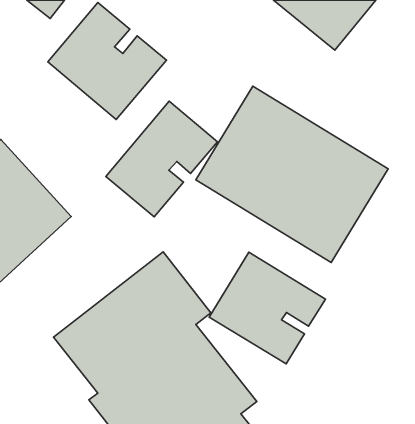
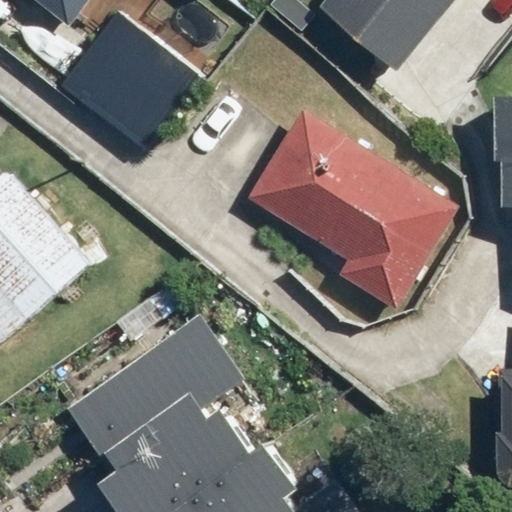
building: [106,101,217,217] -> none
building: [209,252,326,364] -> none

